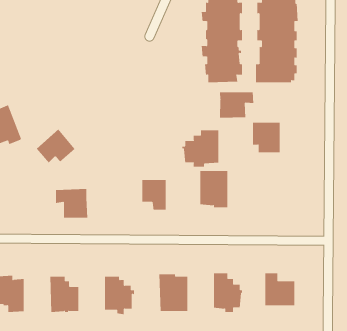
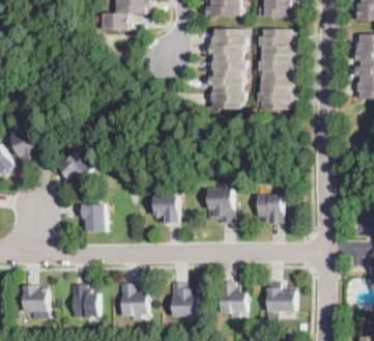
building: [220,91,254,119] -> none
building: [252,122,281,153] -> [256,196,282,224]
building: [182,129,219,167] -> none

